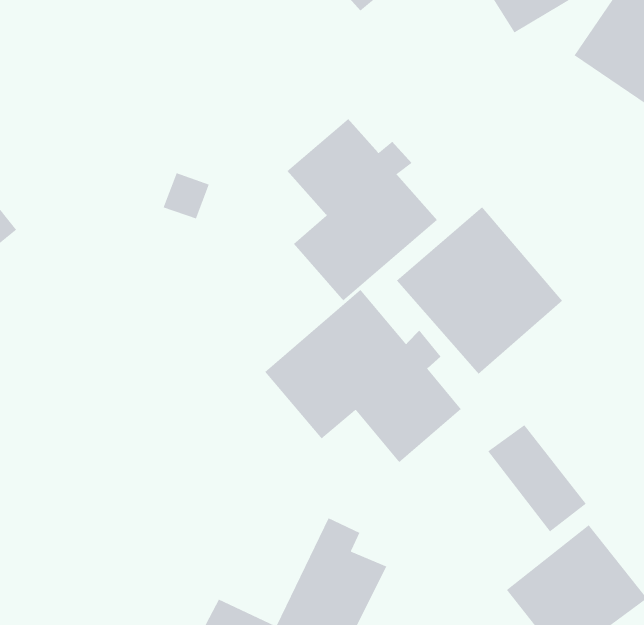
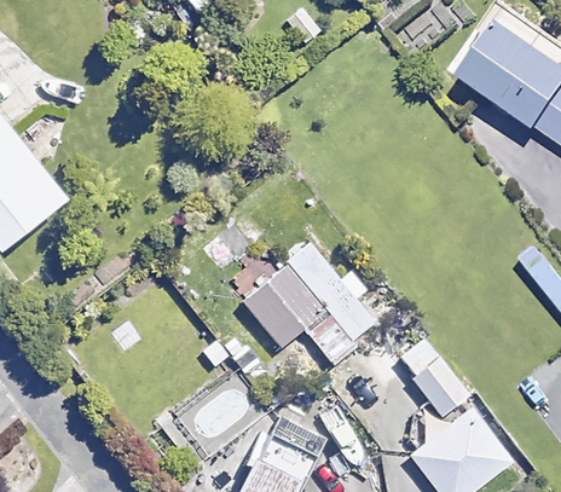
building: [287,118,438,302] -> none
building: [396,206,563,375] -> none

